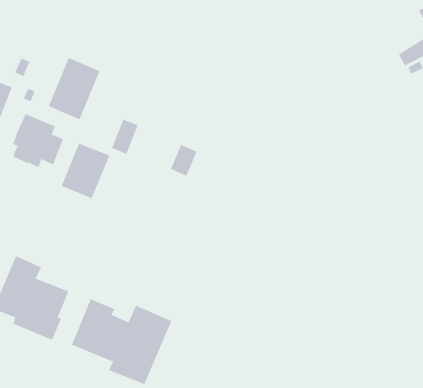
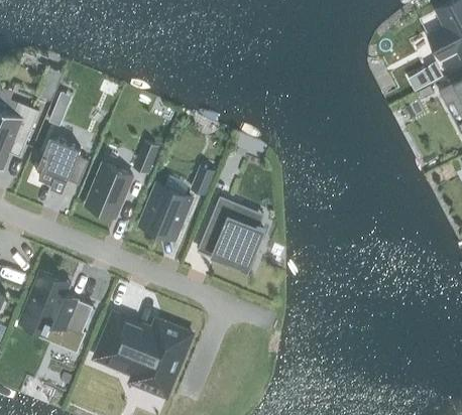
building: [48,57,100,120] -> none
building: none -> [139,185,190,237]
building: none -> [203,195,263,270]

